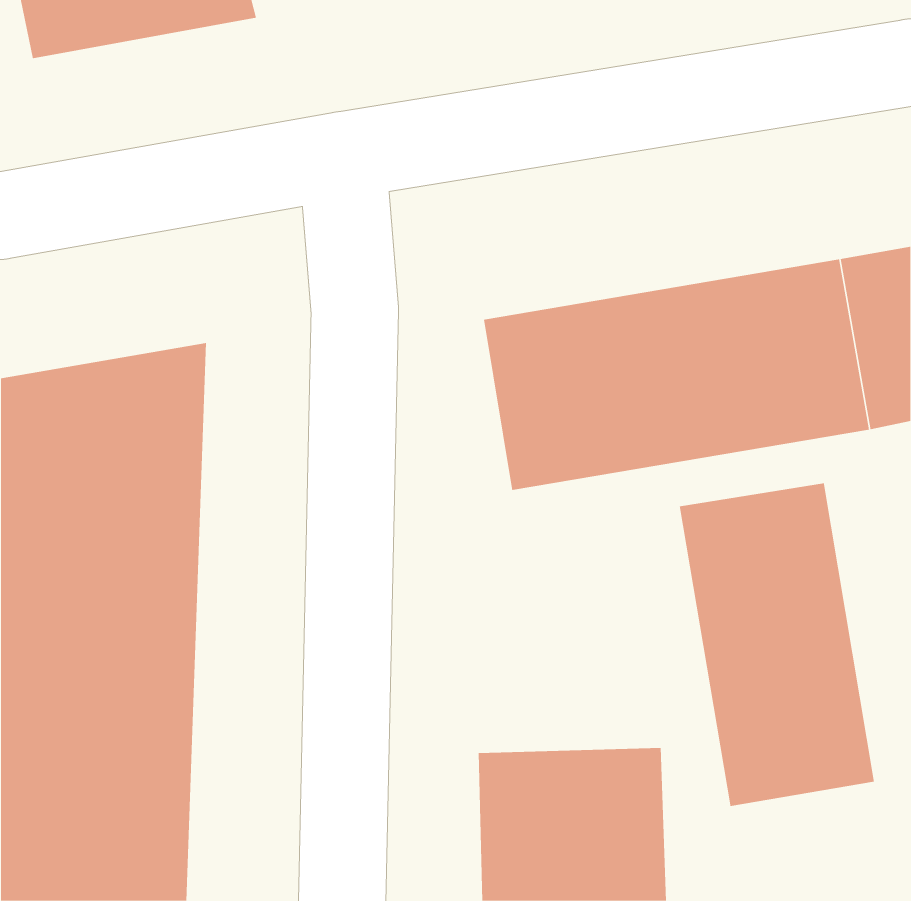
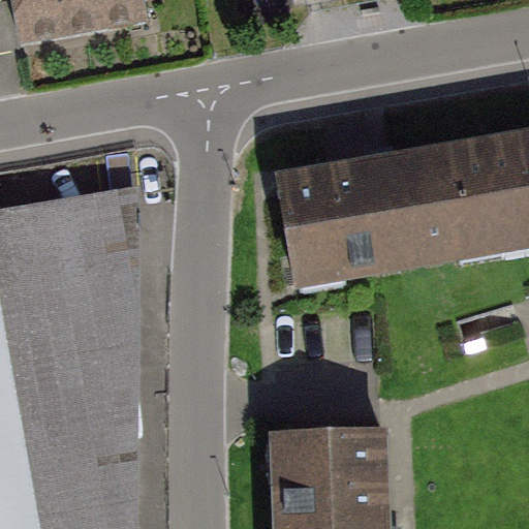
building: [679,482,875,807] -> none

